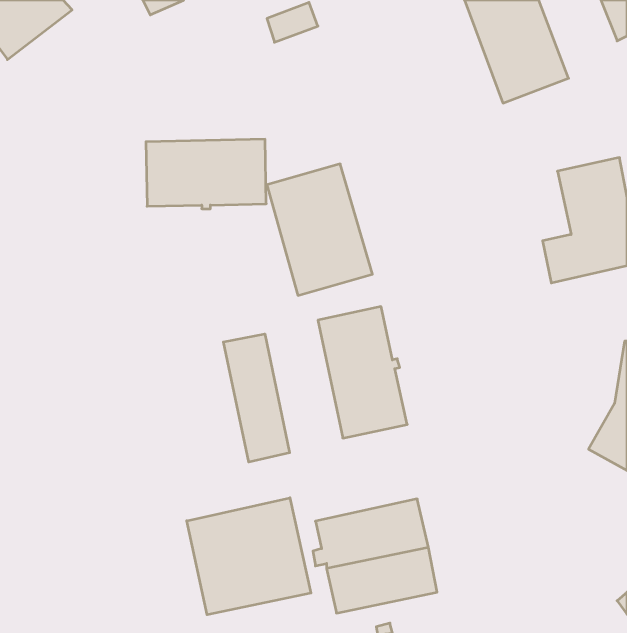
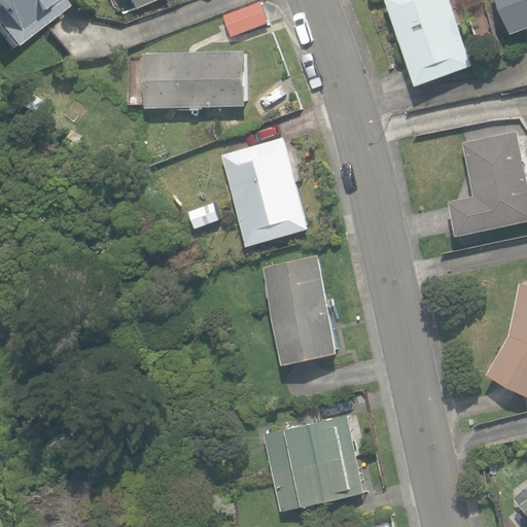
building: [146,139,266,209] -> [145,51,245,109]
building: [223,334,290,462] -> none
building: [187,498,311,615] -> none

